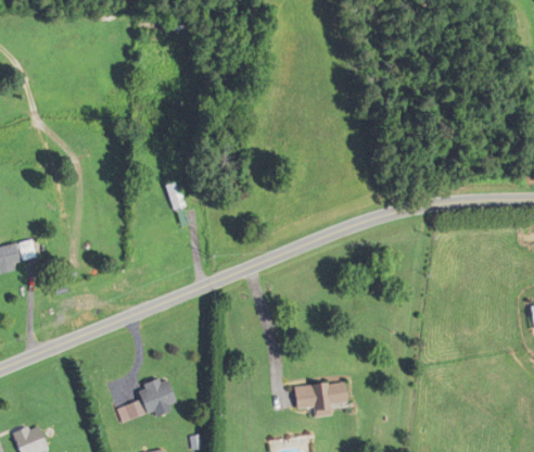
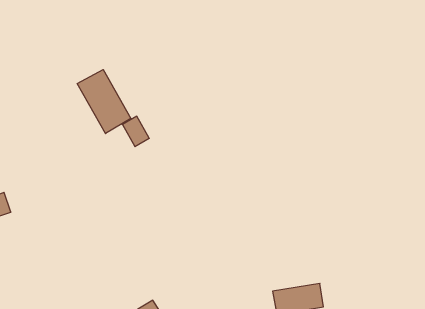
building: none -> [77,70,131,134]

